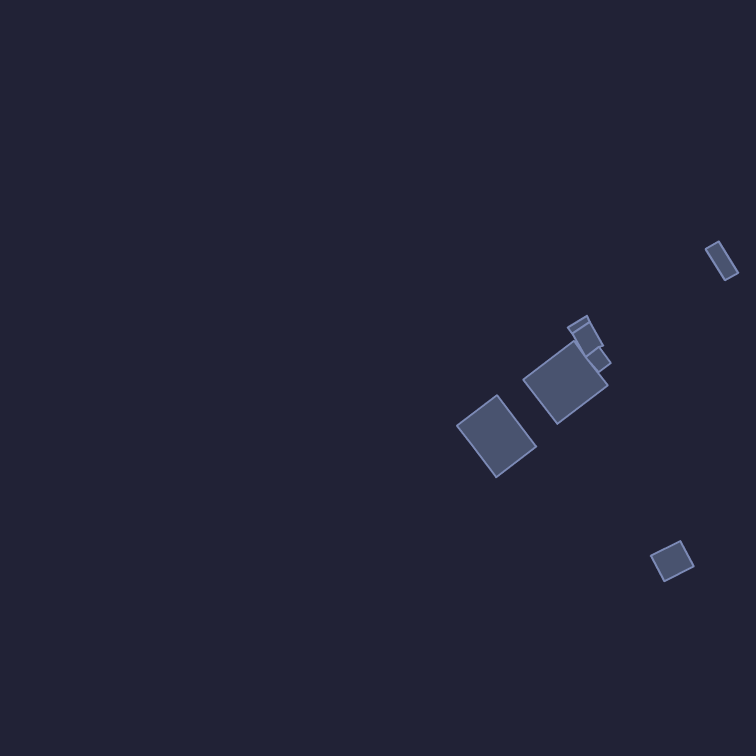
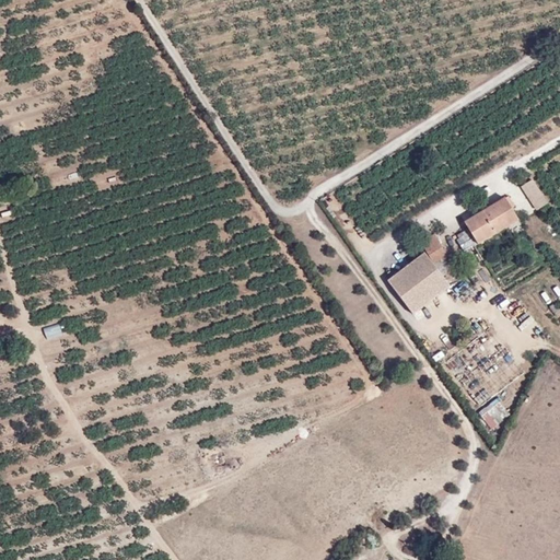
building: none -> [465,197,516,243]
building: [457,395,536,477] -> none

